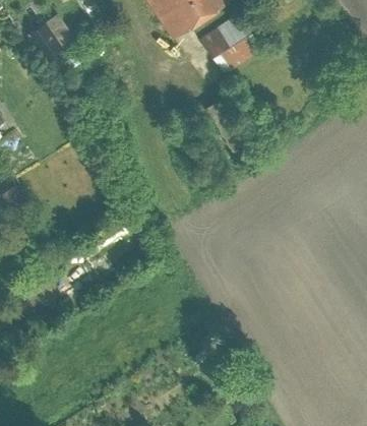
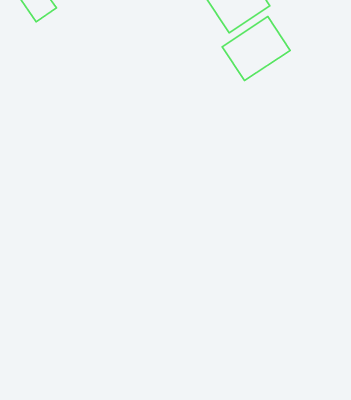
building: none -> [222,17,290,81]

